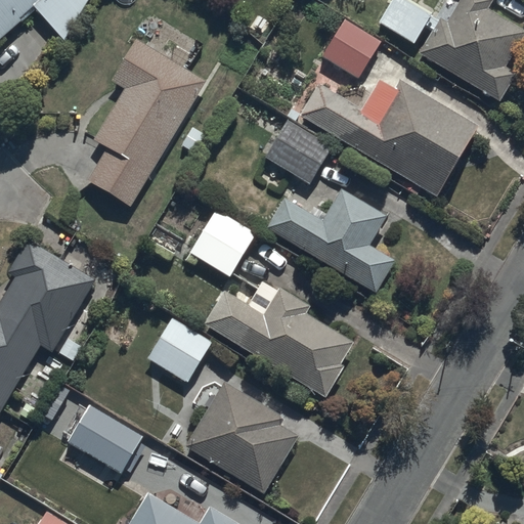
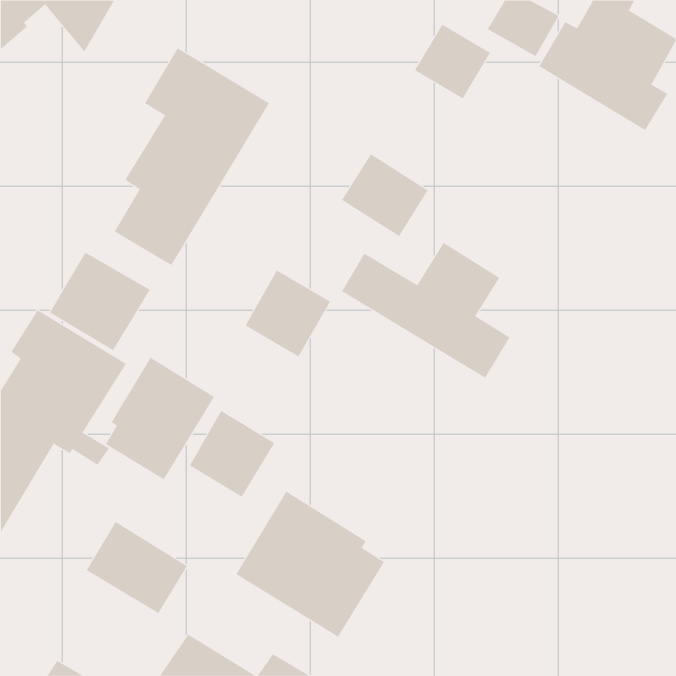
building: [298,78,478,195] -> none
building: none -> [49,252,150,351]
building: none -> [105,357,215,480]
building: [202,286,353,397] -> none

